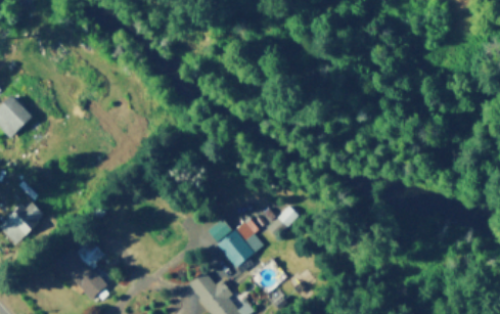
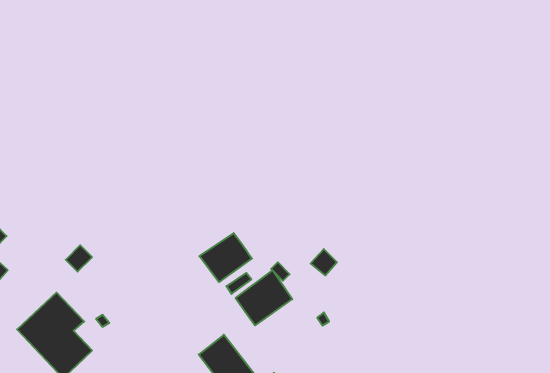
building: none -> [199,233,252,282]

